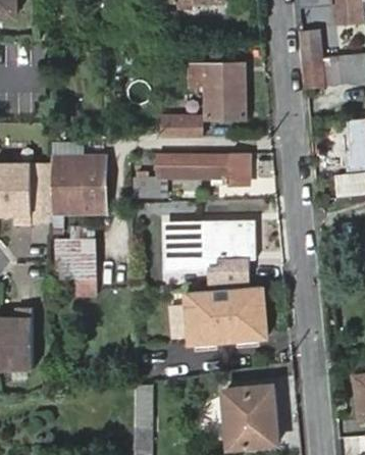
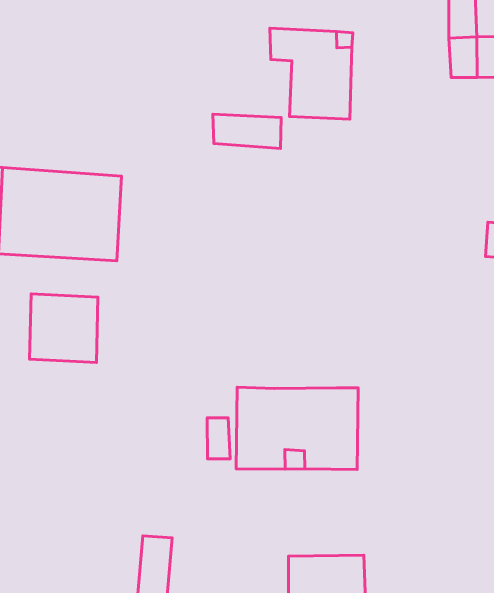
building: [135,152,249,197] -> none
building: [159,215,254,288] -> none

